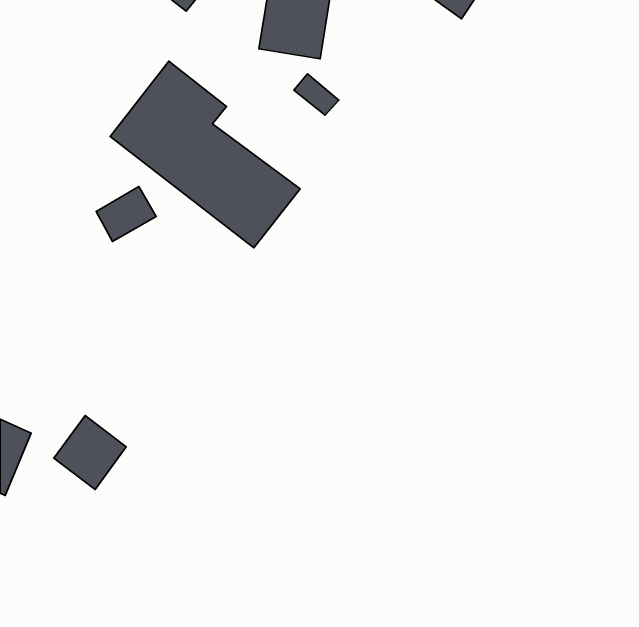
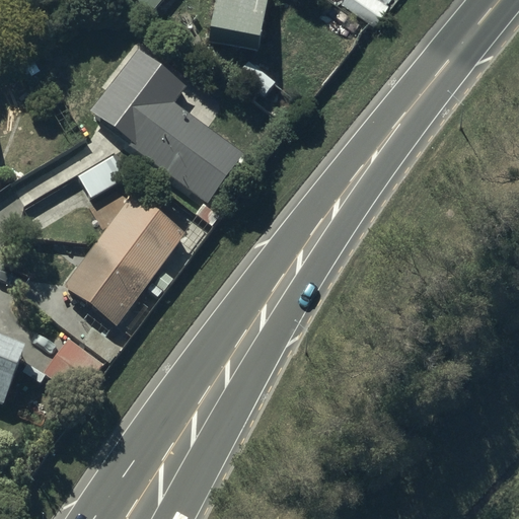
building: none -> [64,195,184,324]

